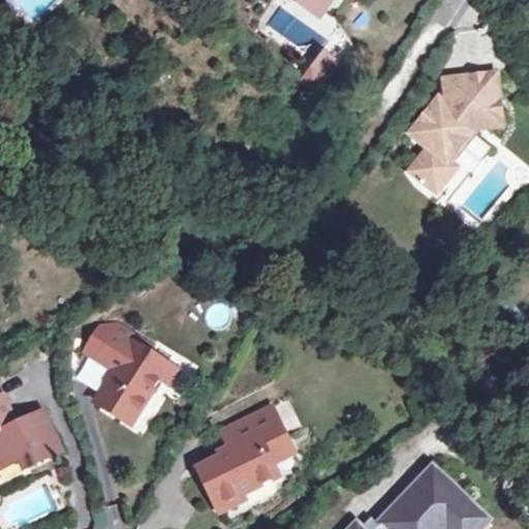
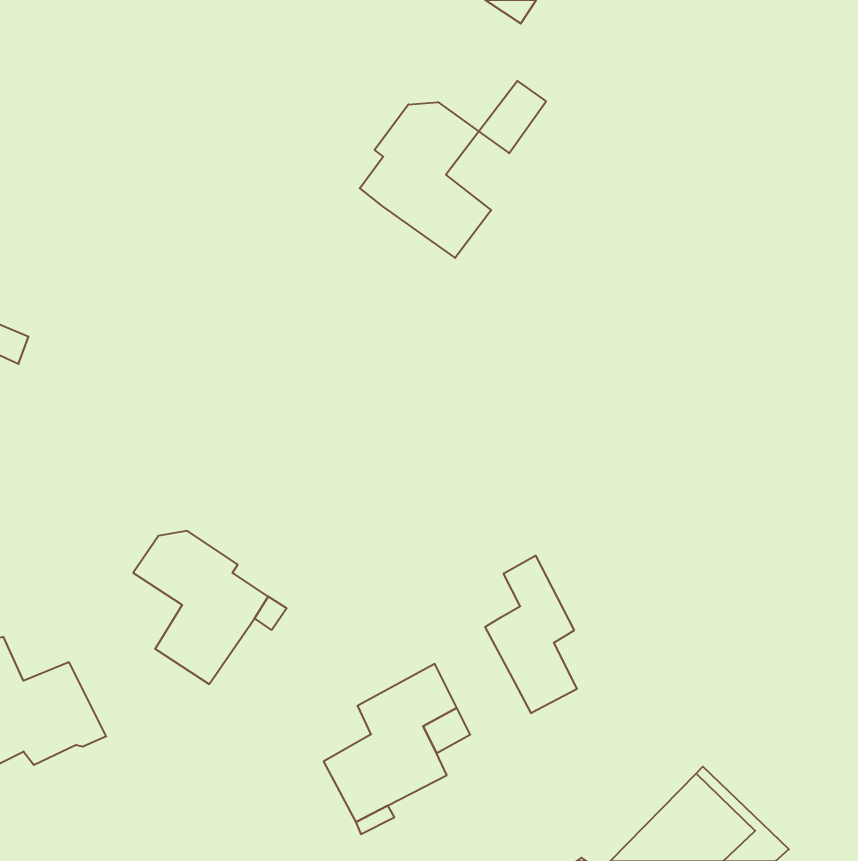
building: none -> [360,102,491,258]
building: [407,73,499,191] -> none
building: none -> [485,556,577,713]

